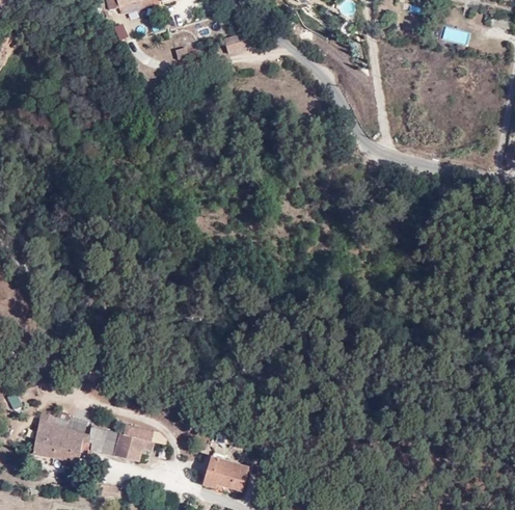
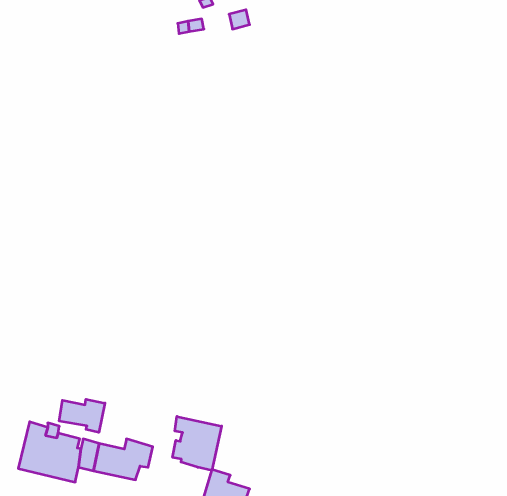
building: none -> [59,399,105,432]
building: none -> [173,416,222,470]

